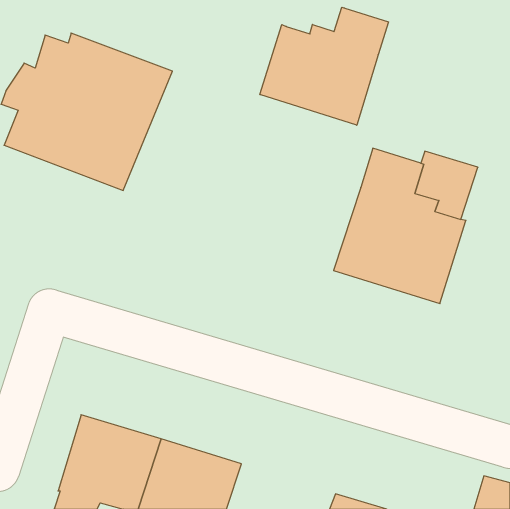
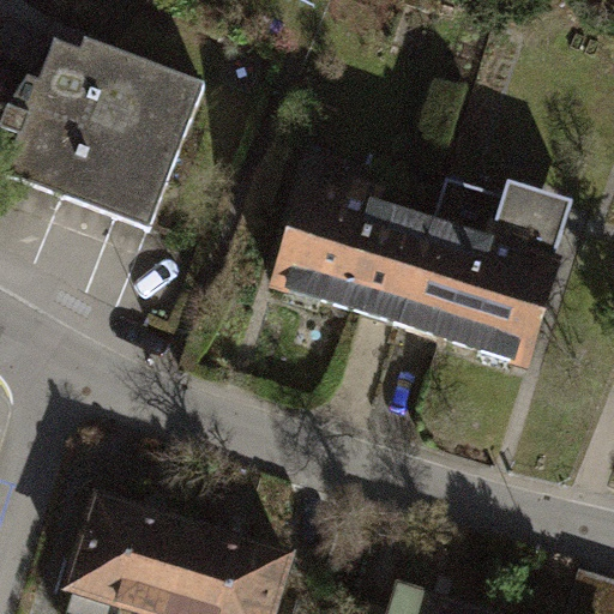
building: [260,7,389,125] -> none
building: none -> [273,183,432,324]

